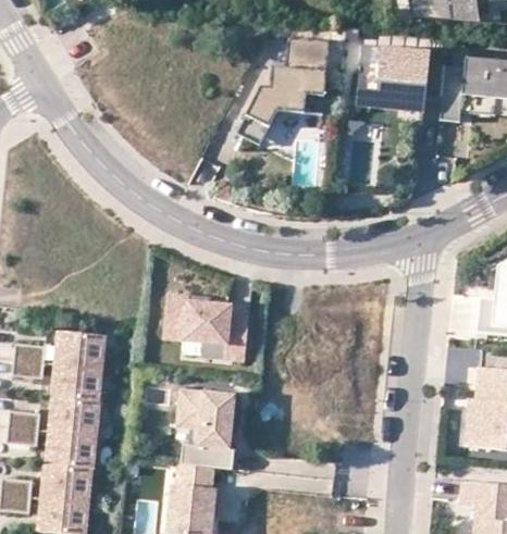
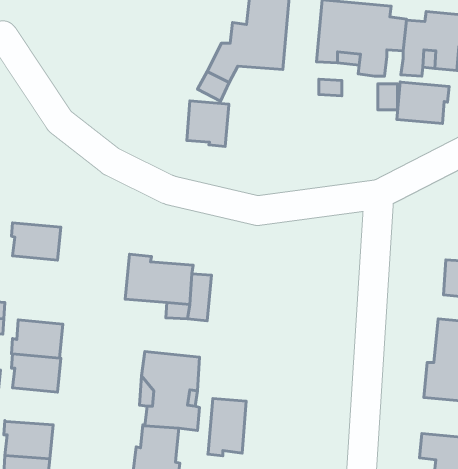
building: none -> [397,82,449,123]
building: none -> [187,101,229,147]
building: [57,330,106,367] -> [12,223,61,260]
building: [46,430,97,467] -> none
building: none -> [208,398,246,456]

